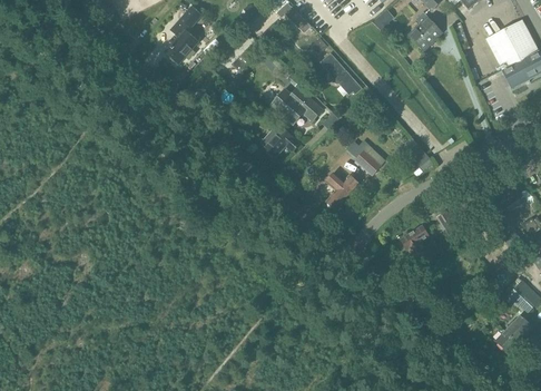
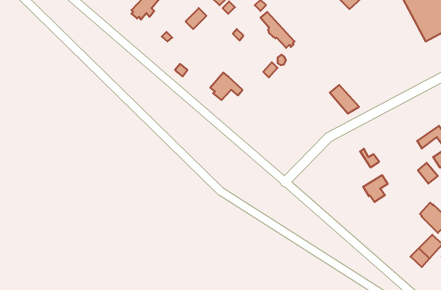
building: [270,88,318,123] -> none
building: [345,139,384,174] -> none
building: [324,173,357,209] -> none
building: [400,225,429,256] -> [363,175,388,202]

